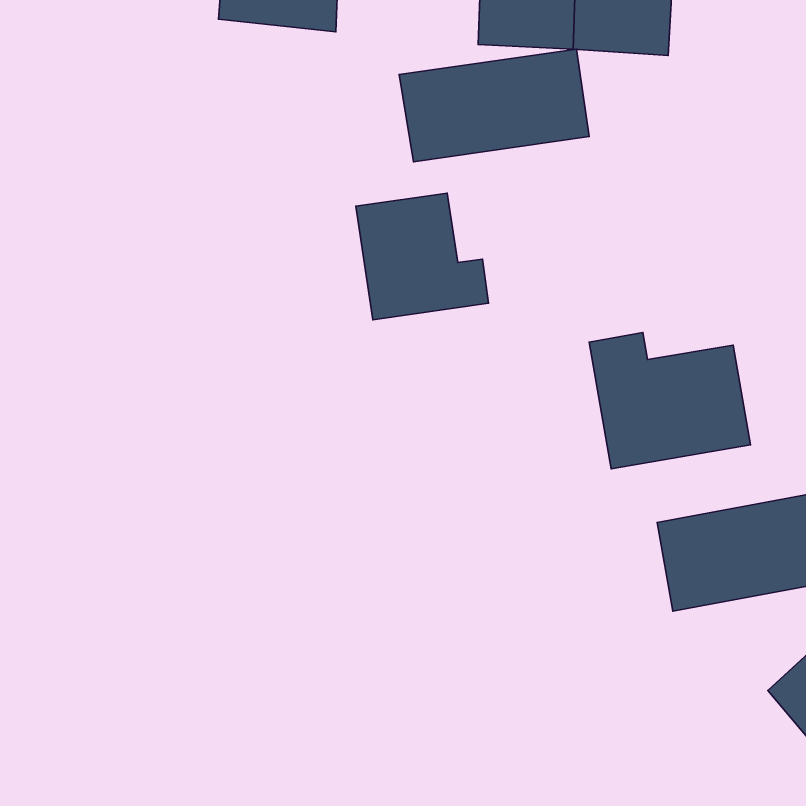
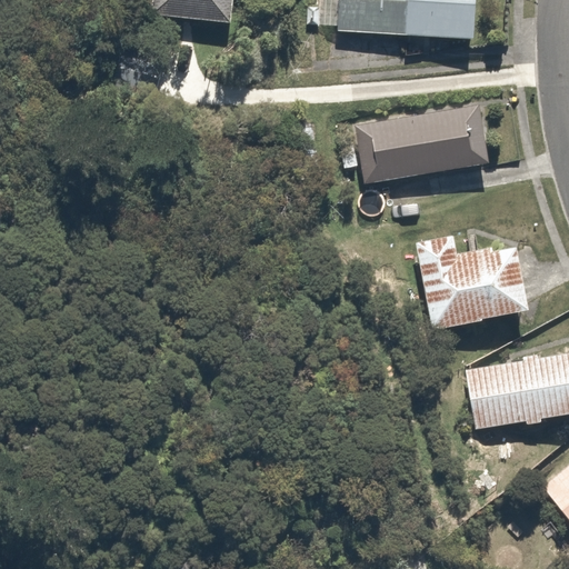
building: [399,49,589,162] -> [356,104,489,183]
building: [356,193,489,320] -> none

